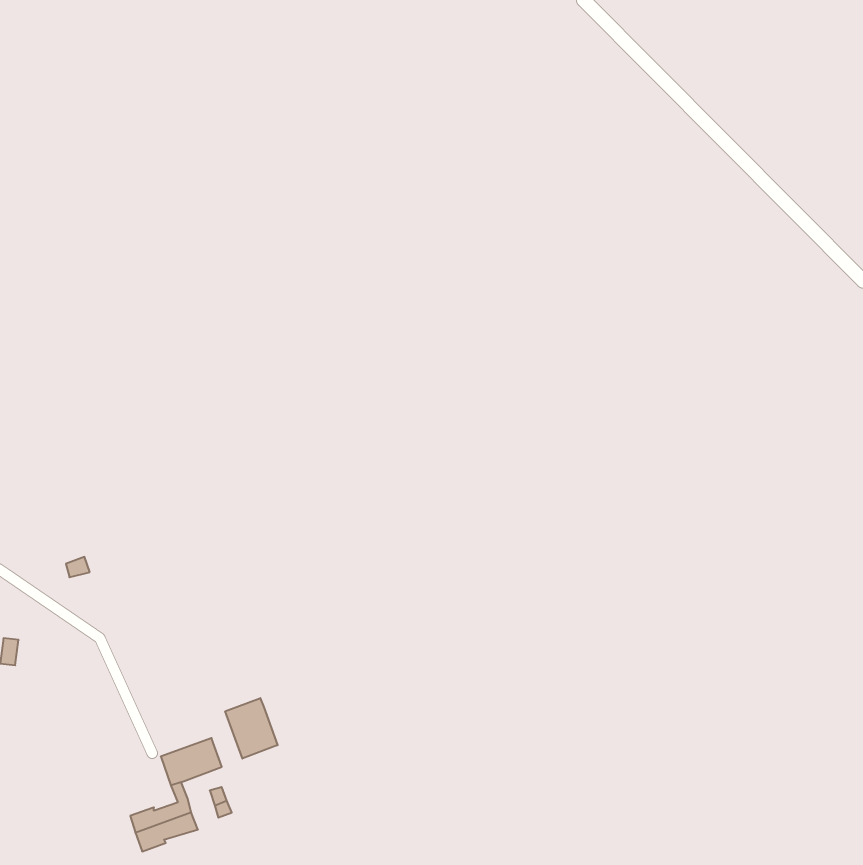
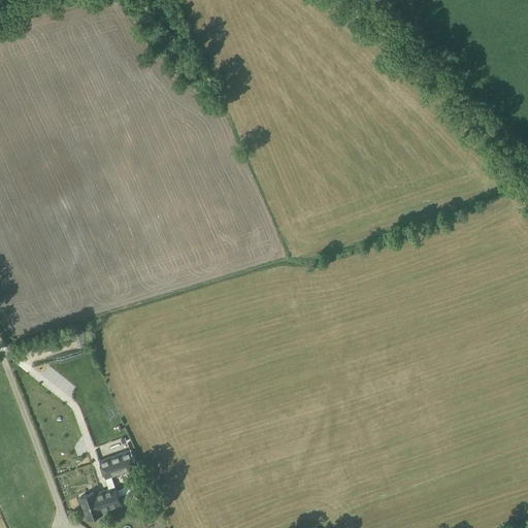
building: [225,698,278,759] -> none

